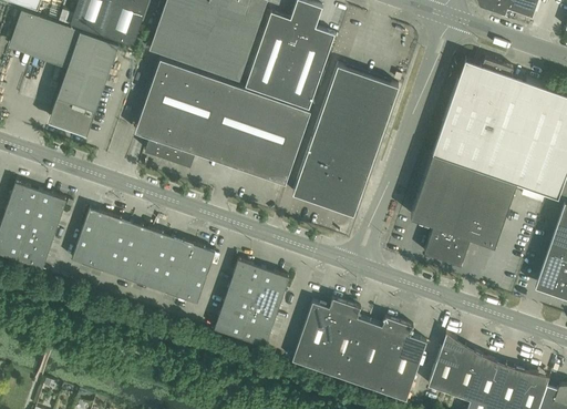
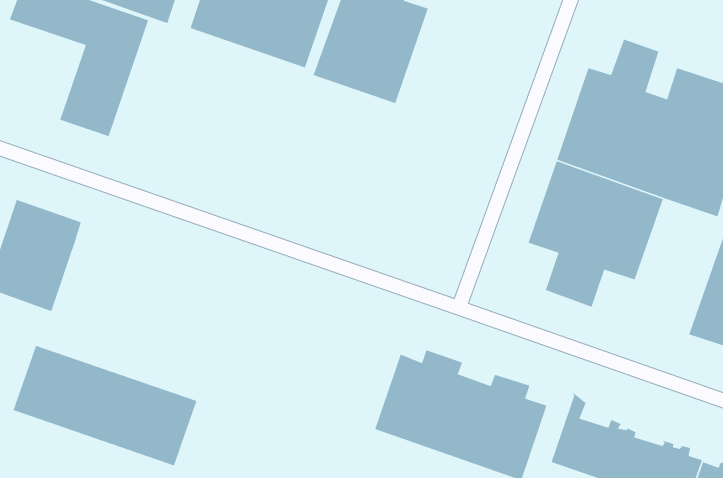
building: [138,60,310,185] -> none
building: [296,65,399,207] -> none
building: [72,209,215,304] -> [13,345,197,467]
building: [214,260,289,348] -> none

